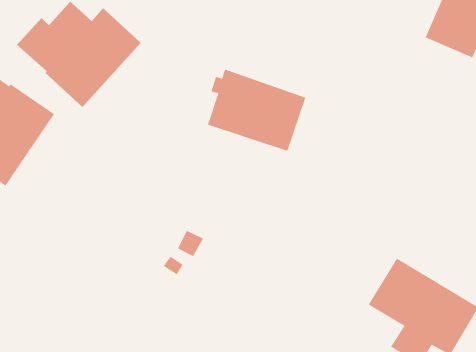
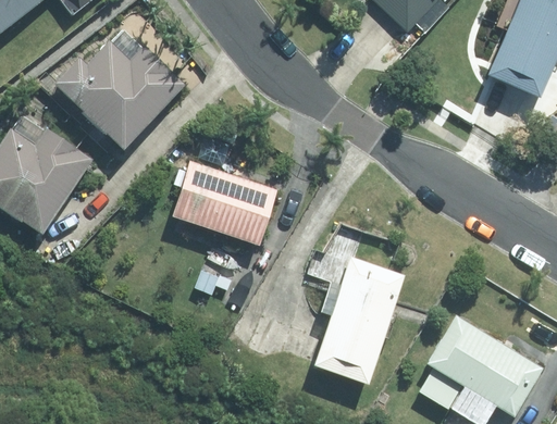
building: [207,69,306,151] -> [171,159,276,247]
building: none -> [311,252,405,387]

